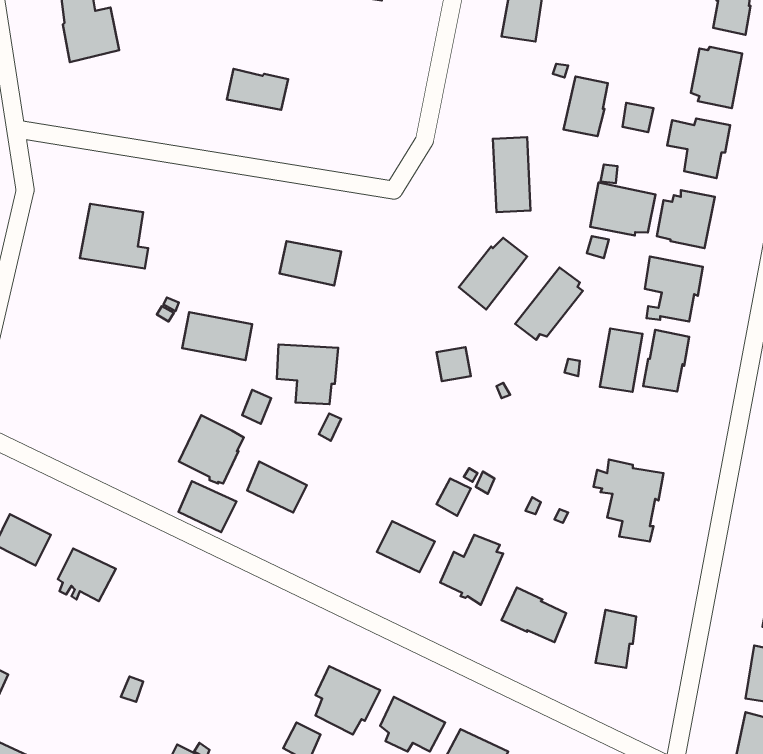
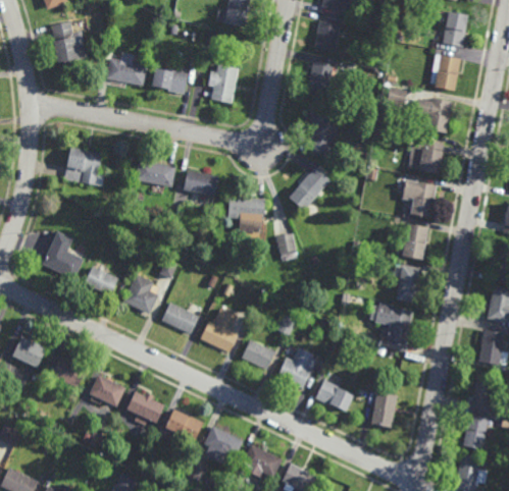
building: none -> [106,54,147,87]
building: none -> [208,65,239,104]
building: [563,76,608,136] -> [306,62,333,98]
building: [590,182,656,235] -> none
building: [515,268,583,340] -> none
building: [182,312,252,360] -> [134,160,175,188]
building: [600,329,643,392] -> [395,267,420,305]
building: [277,345,338,404] -> [228,198,265,233]
building: none -> [41,233,83,281]
building: none -> [200,308,238,351]
building: [178,481,236,532] -> [84,268,118,298]
building: none -> [88,373,124,405]
building: none -> [125,389,163,422]
building: none -> [159,407,203,444]

